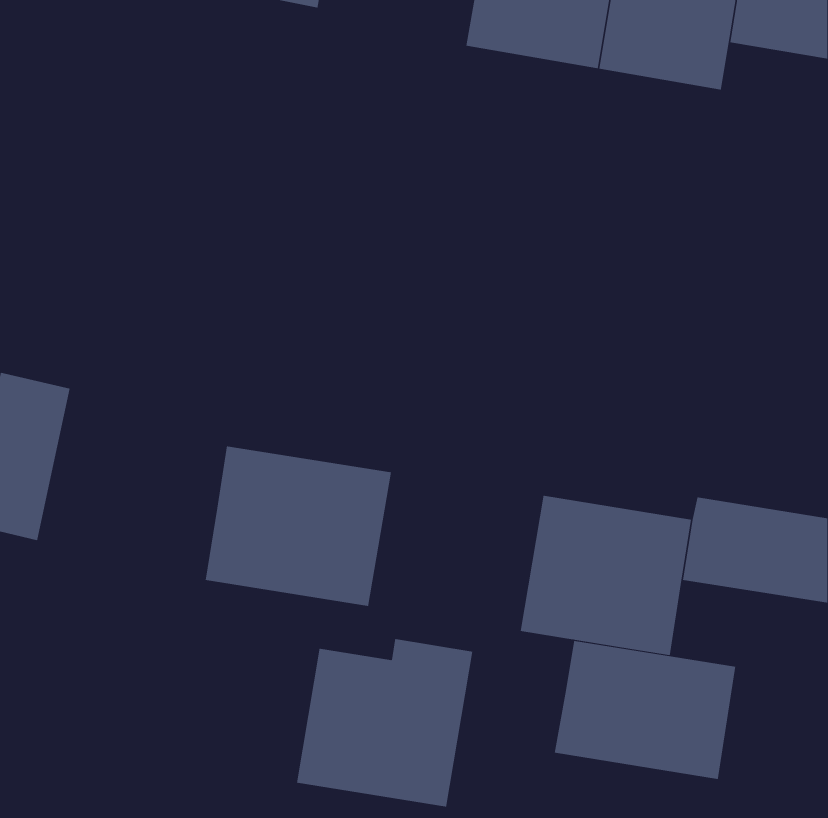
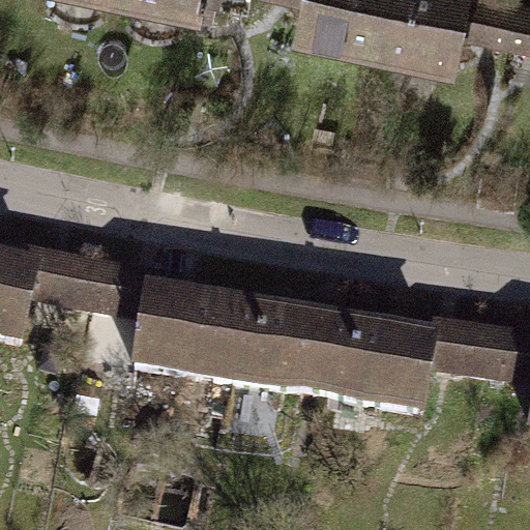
building: none -> [33,245,147,321]
building: [296,638,473,807] -> [233,292,345,399]
building: [554,640,736,780] -> none

